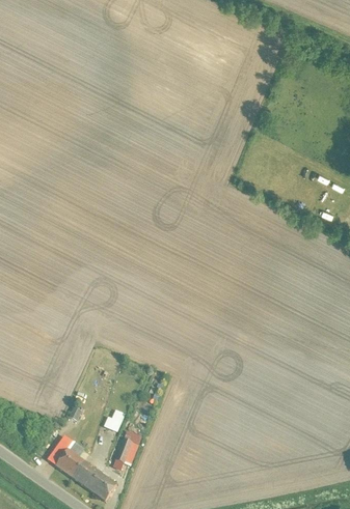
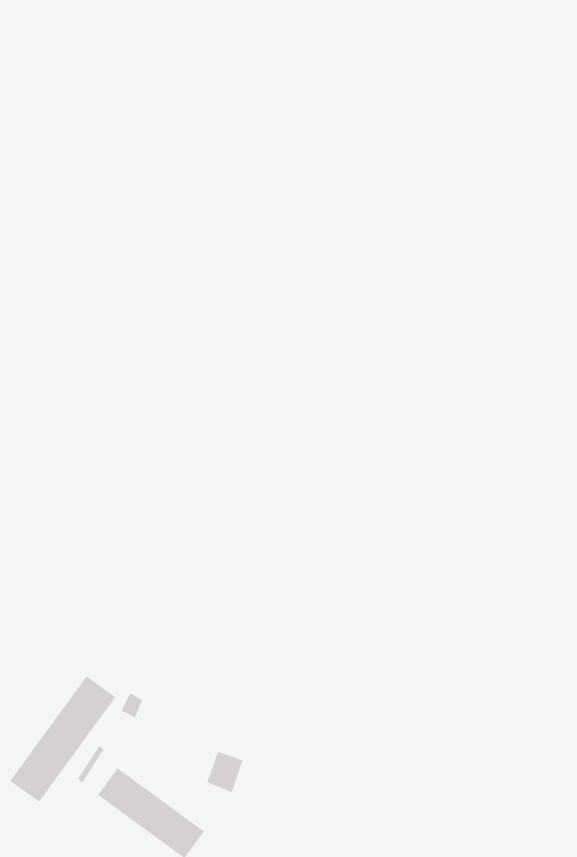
building: none -> [9,675,116,802]

